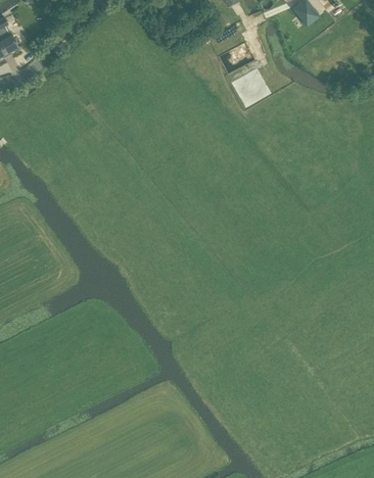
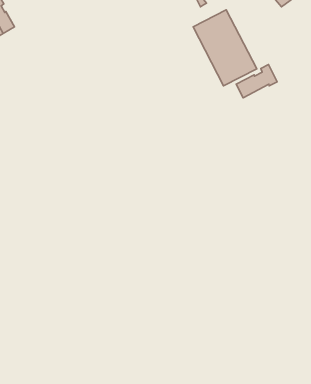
building: none -> [236,64,277,98]

